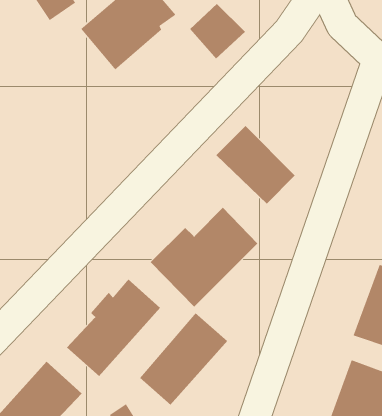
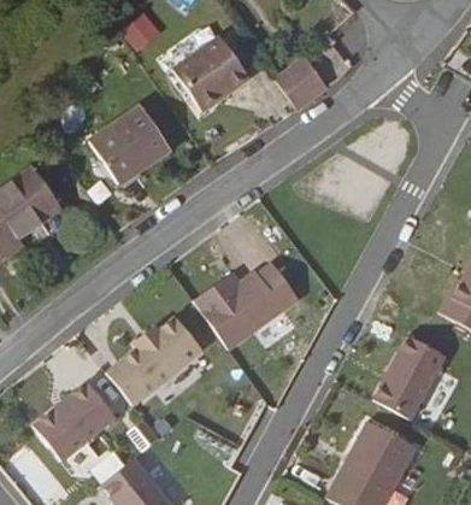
building: none -> [88,118,166,192]
building: [216,125,296,204] -> none
building: [139,312,228,405] -> none

